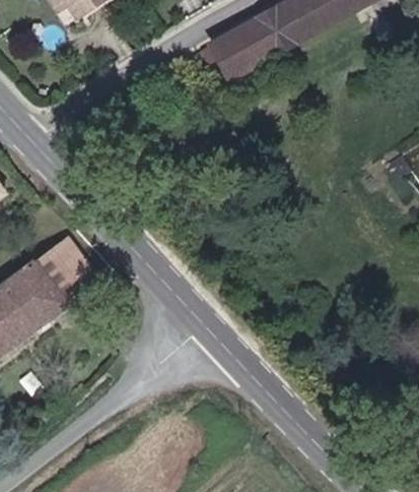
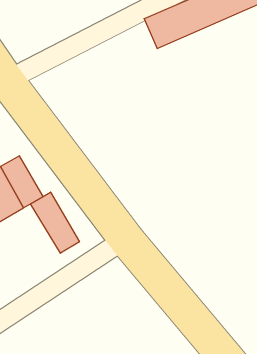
building: none -> [31,192,79,253]

